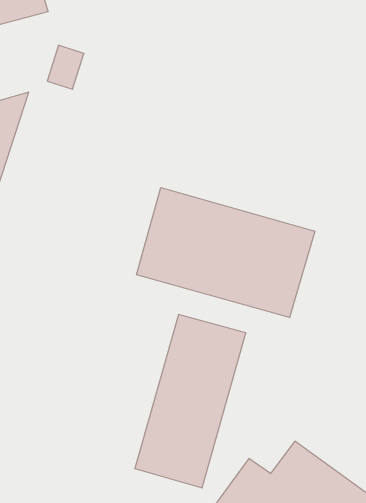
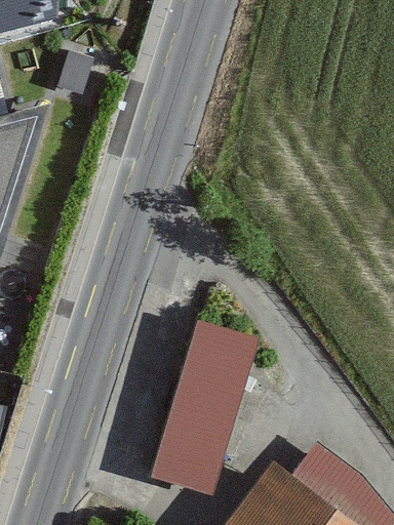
building: [137,188,315,318] -> none

